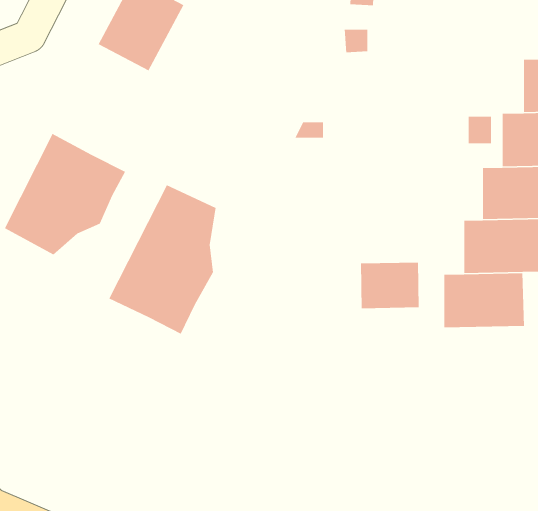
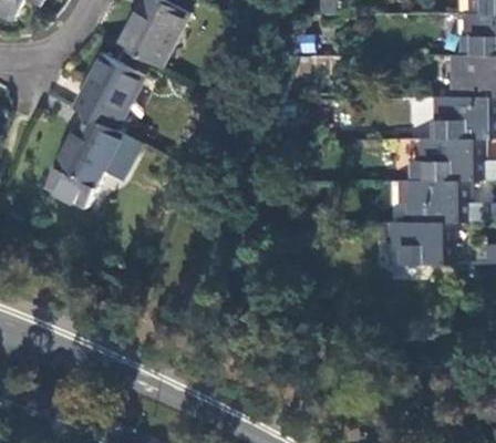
building: none -> [74,55,143,130]
building: [108,184,217,335] -> none
building: [360,262,420,309] -> none

